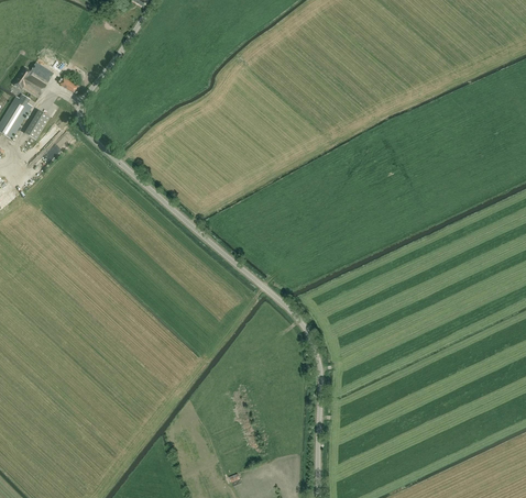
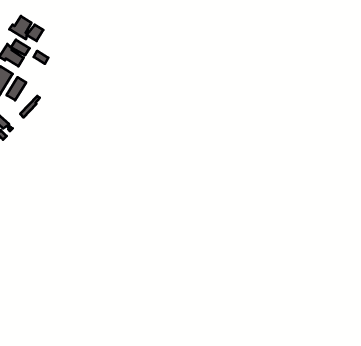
building: none -> [9,16,43,41]

